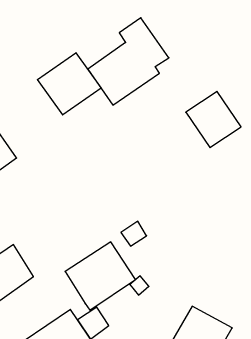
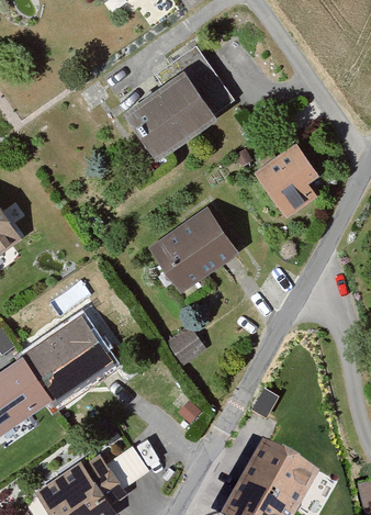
building: [37,53,101,115] -> none
building: none -> [148,208,240,296]
building: [65,242,136,310] -> [20,314,116,407]

